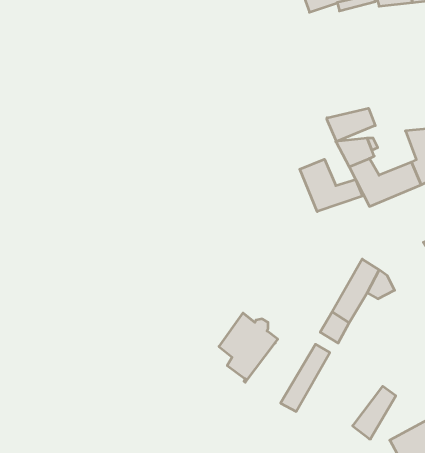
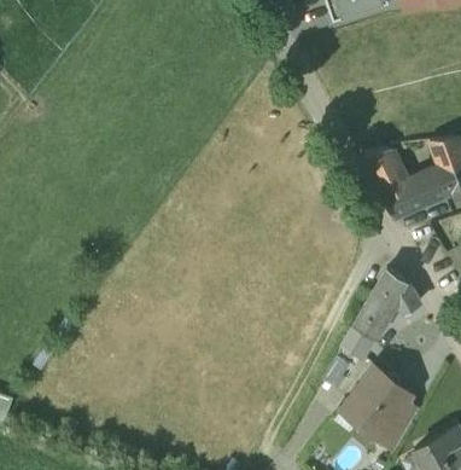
building: [327,108,375,142] -> none
building: [300,159,363,212] -> none
building: [219,313,278,382] -> [350,367,409,437]

